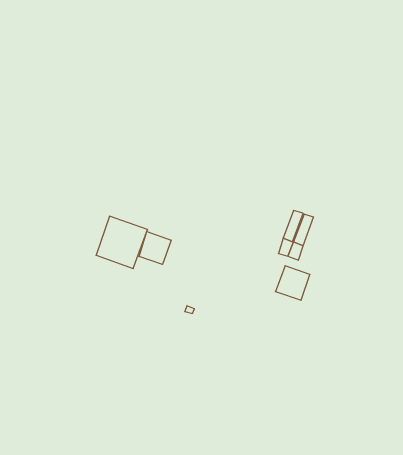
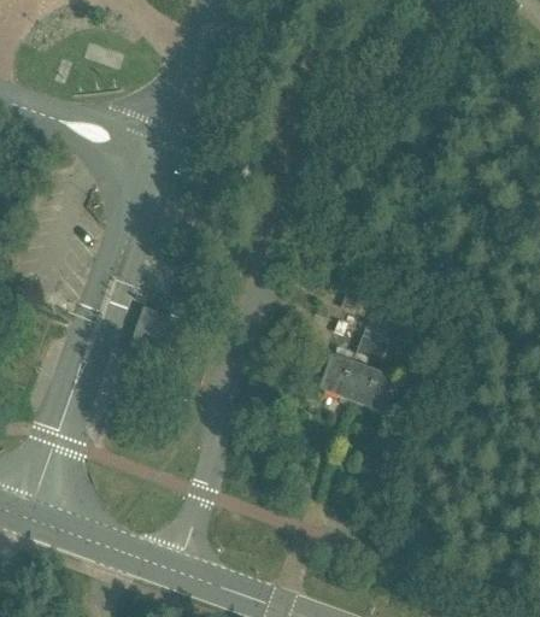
building: [139,232,171,264] -> none
building: none -> [321,354,364,399]

